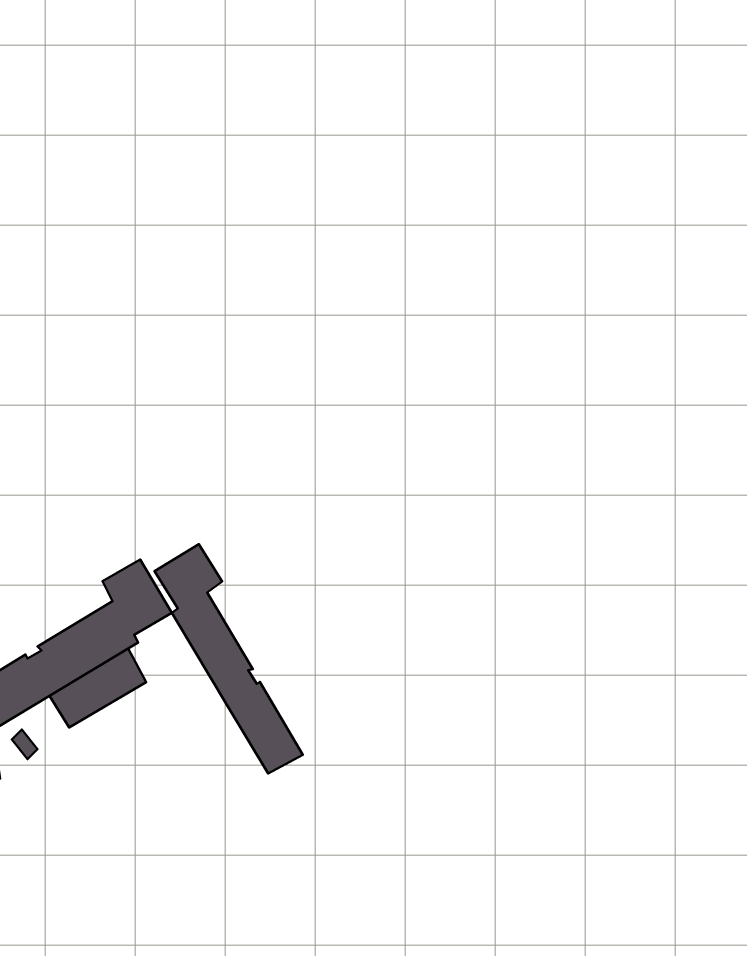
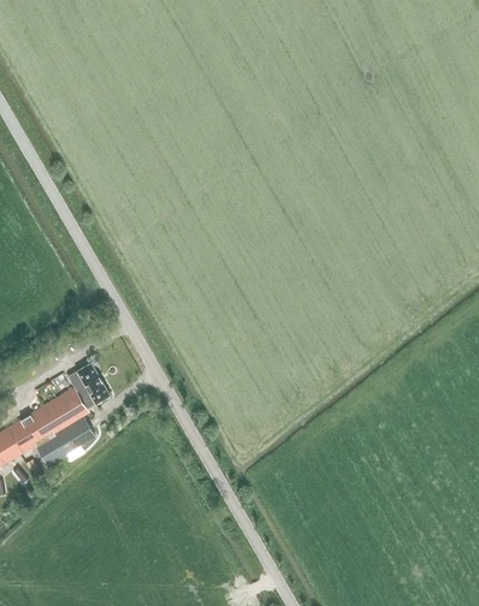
building: [155,544,303,774] -> none

